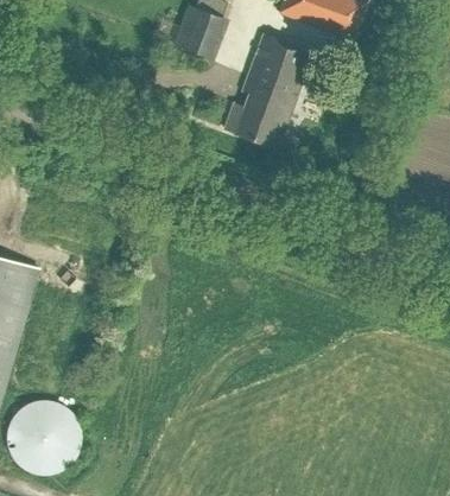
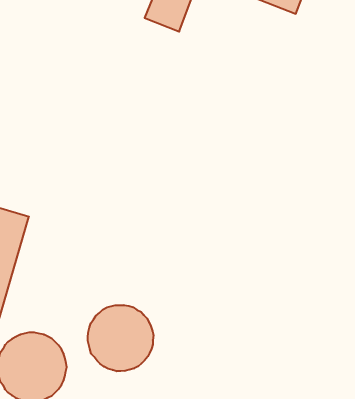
building: [226,34,312,148] -> none
building: none -> [88,305,153,371]

